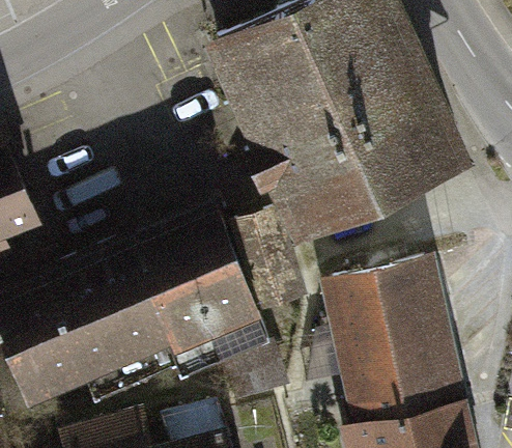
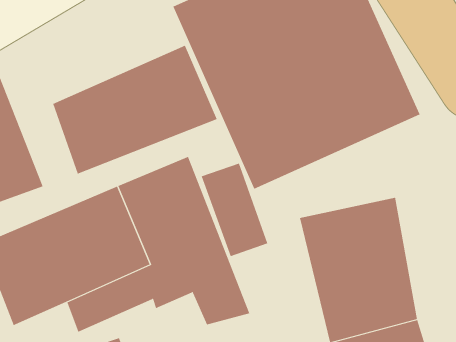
building: none -> [53,45,217,174]

